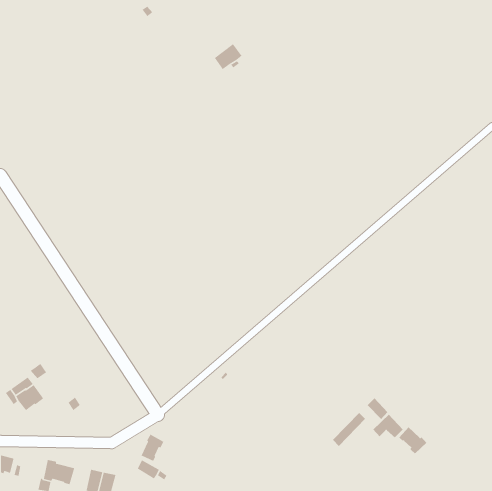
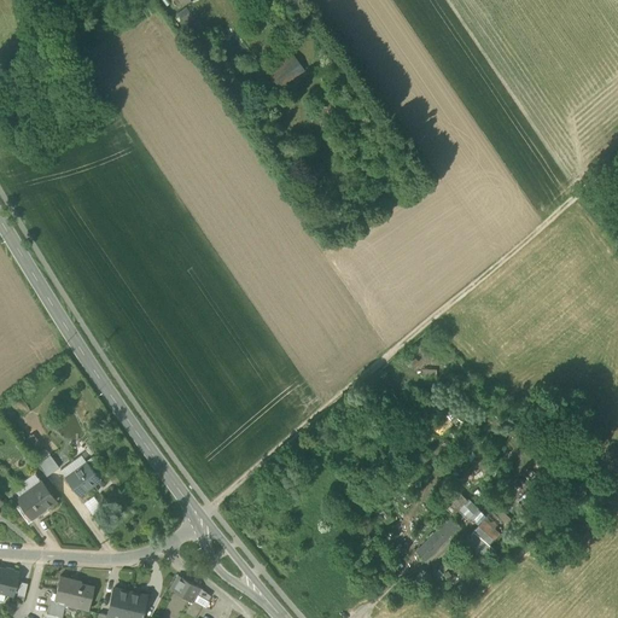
building: none -> [65,462,100,497]
building: [398,426,427,454] -> none
building: [141,434,164,462] -> none

